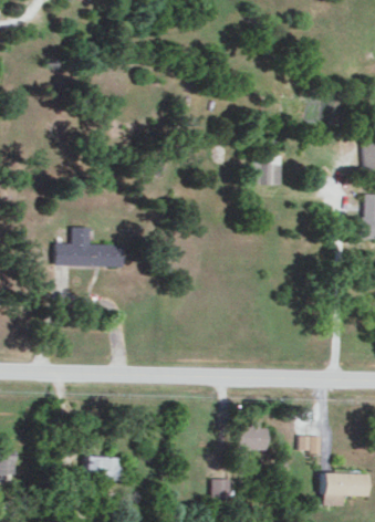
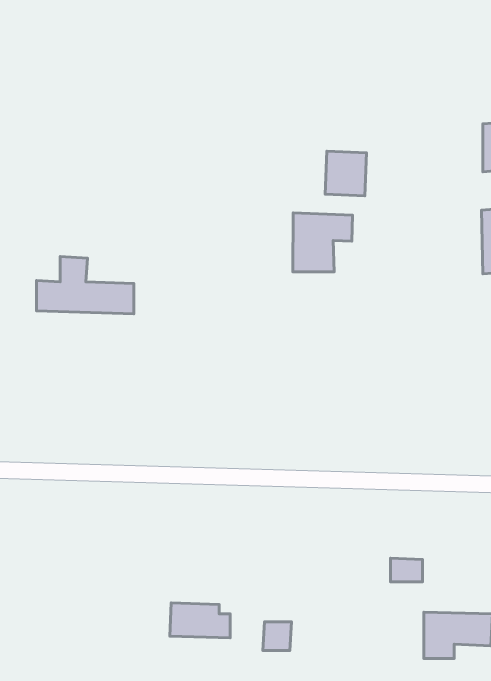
building: none -> [293,213,353,272]
building: [240,425,269,450] -> none
building: [85,457,127,481] -> [170,603,230,638]

